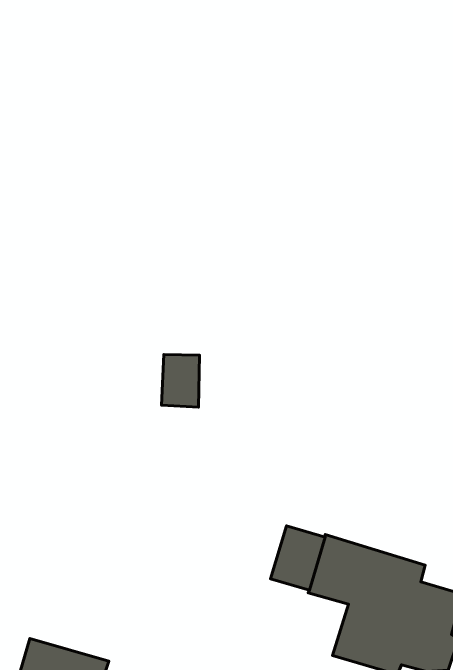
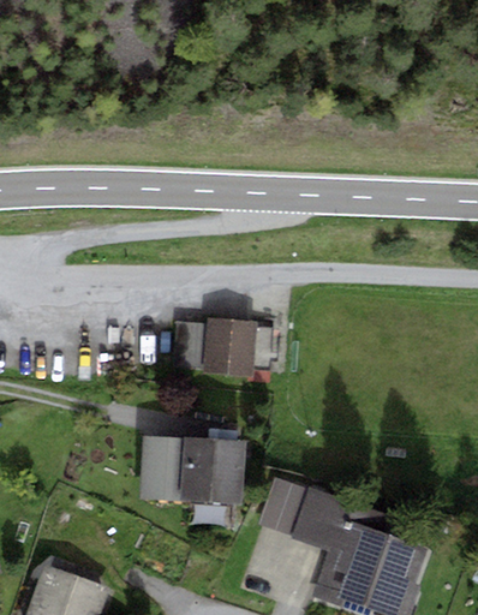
building: none -> [204,318,273,376]
building: none -> [139,428,243,506]

